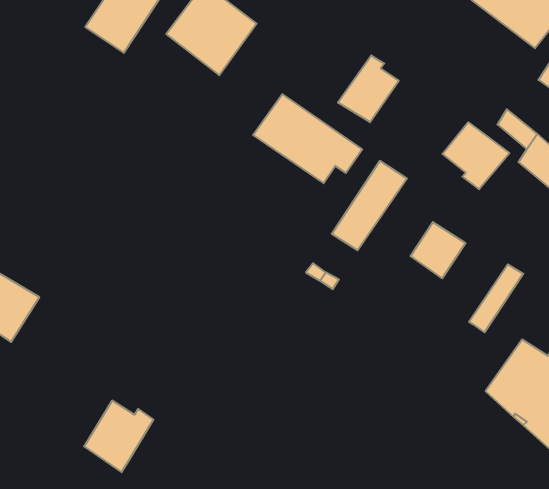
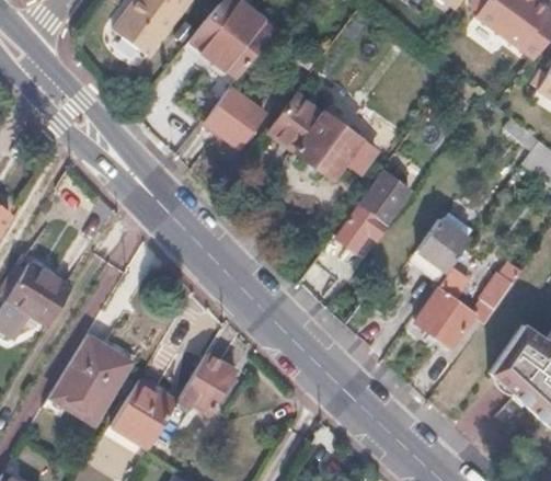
building: [338,55,399,122] -> none
building: none -> [205,91,265,150]
building: [442,122,509,189] -> none
building: none -> [416,264,475,345]
building: none -> [54,335,131,415]
building: none -> [154,353,236,446]

